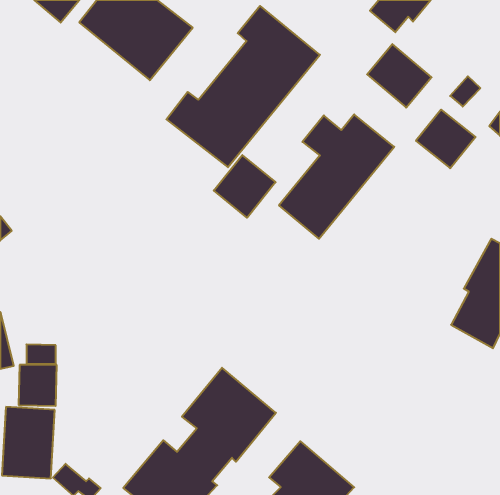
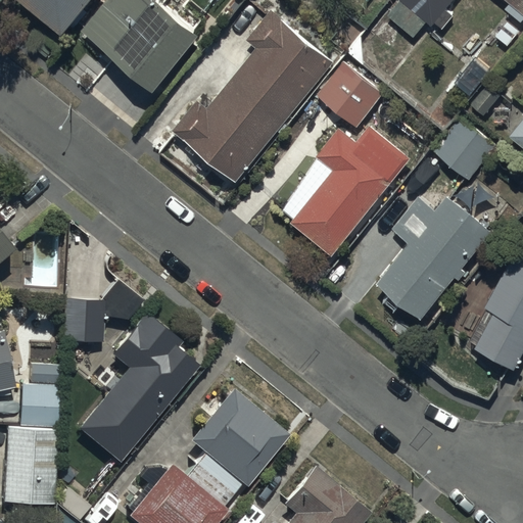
building: [367,44,432,108] -> [317,62,384,129]
building: [214,155,276,218] -> none
building: none -> [378,195,492,318]
building: none -> [61,281,141,345]
building: none -> [77,314,198,463]

